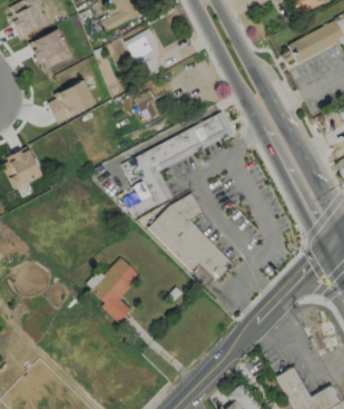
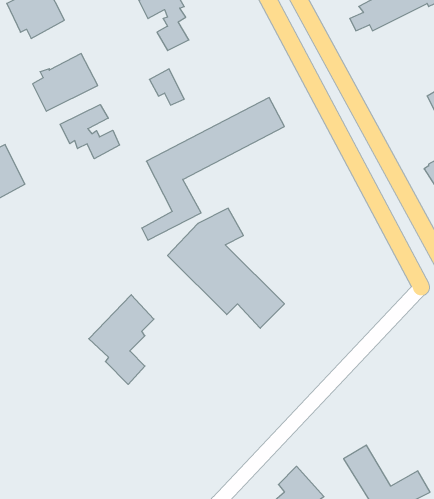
building: none -> [60,105,120,159]

